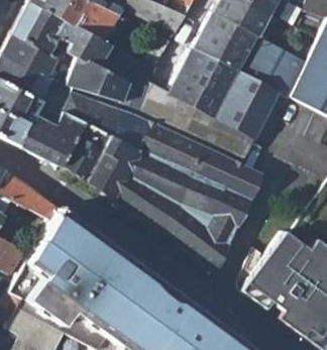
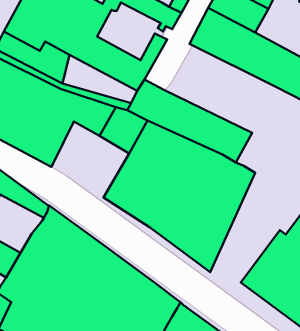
building: [169,46,279,134] -> none
building: [69,57,142,105] -> none
building: [60,123,134,198] -> none

